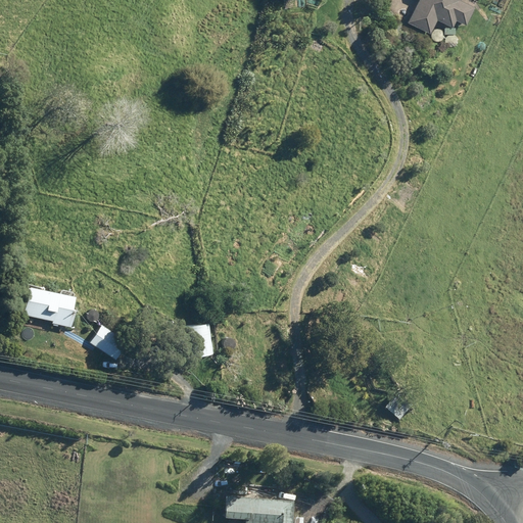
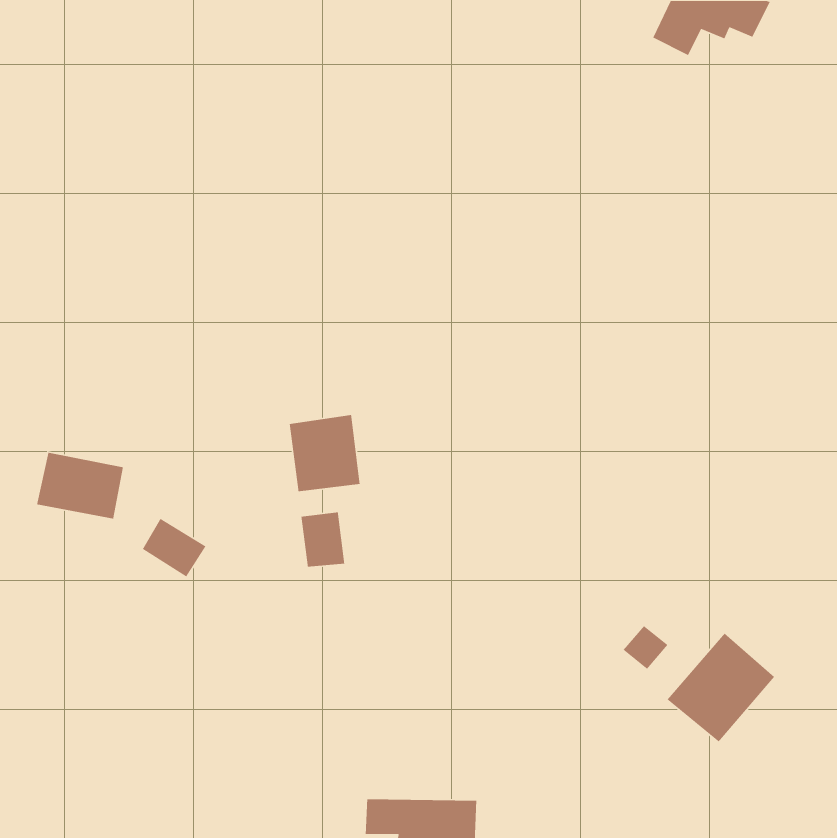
building: none -> [289,414,361,492]
building: none -> [667,633,775,742]

